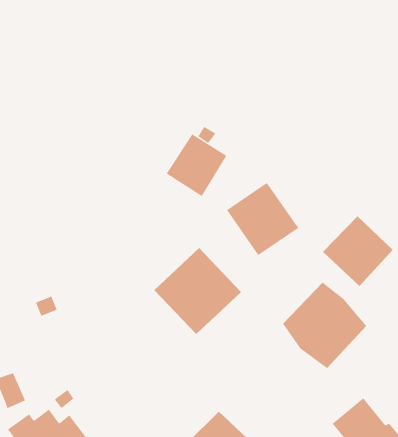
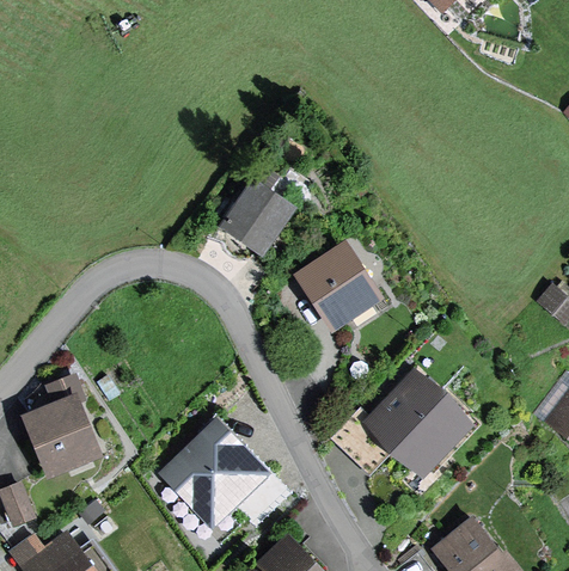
building: [322,216,394,287] -> none
building: [153,247,242,335] -> [155,419,269,532]
building: none -> [31,410,87,472]

